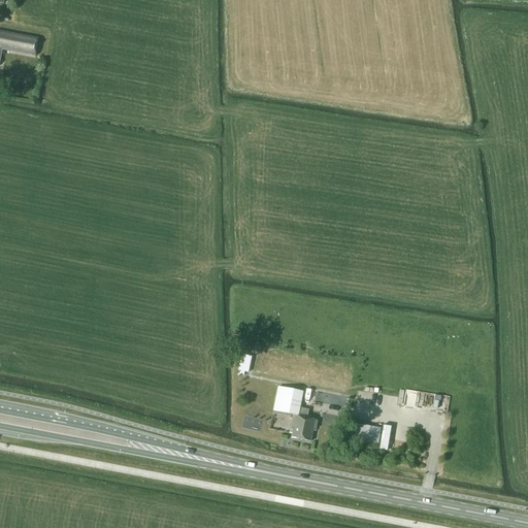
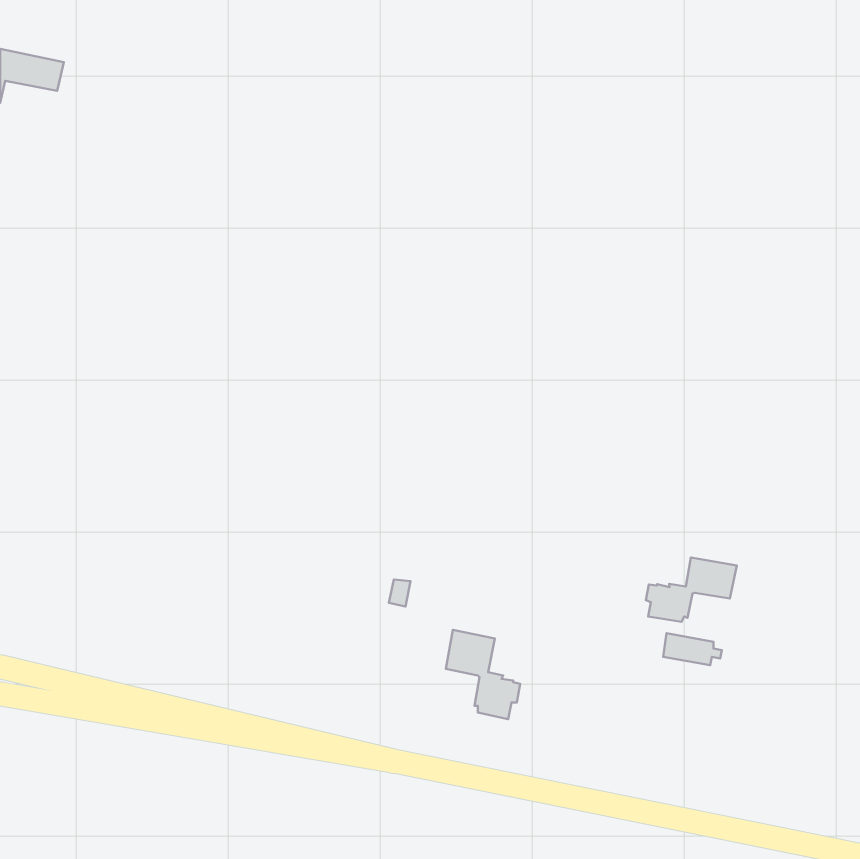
building: none -> [646,557,737,622]
building: [357,421,386,444] -> none

